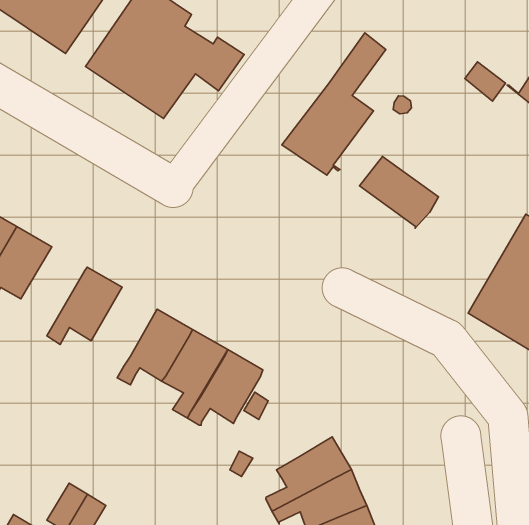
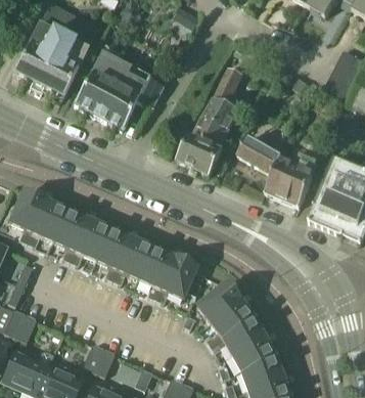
building: none -> [178,135,225,174]
building: none -> [266,153,319,207]
building: none -> [52,209,88,260]
building: none -> [95,227,131,279]
building: none -> [196,281,239,321]

